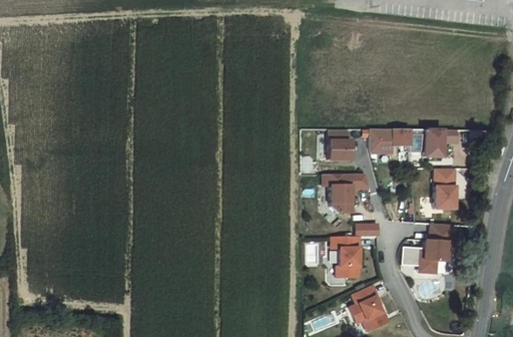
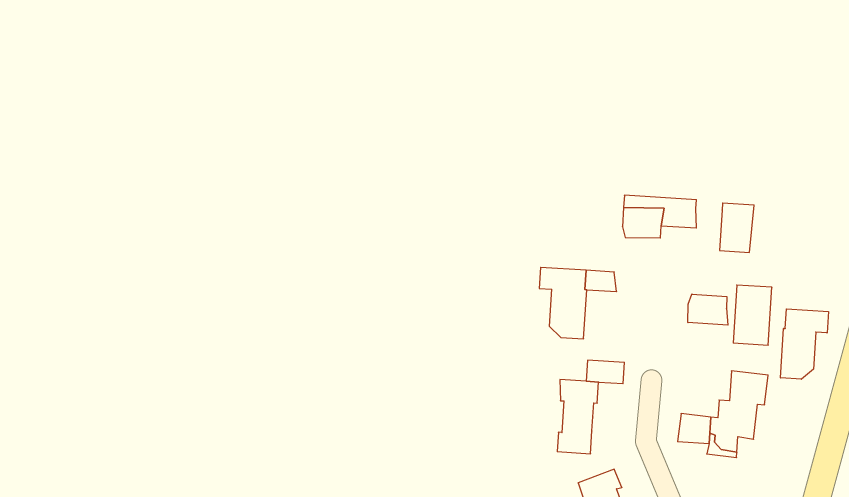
building: [328,126,350,157] -> none
building: none -> [688,294,728,325]
building: none -> [781,309,828,379]

